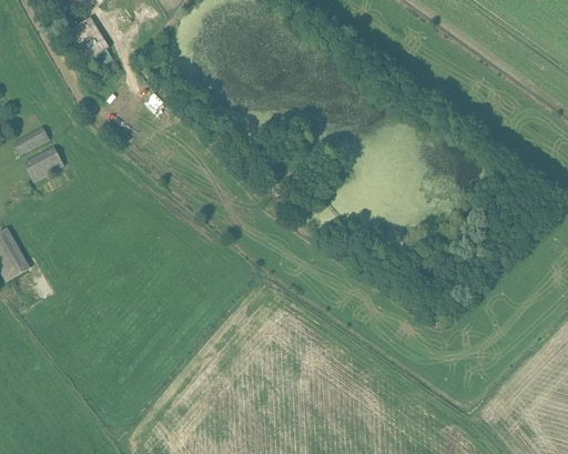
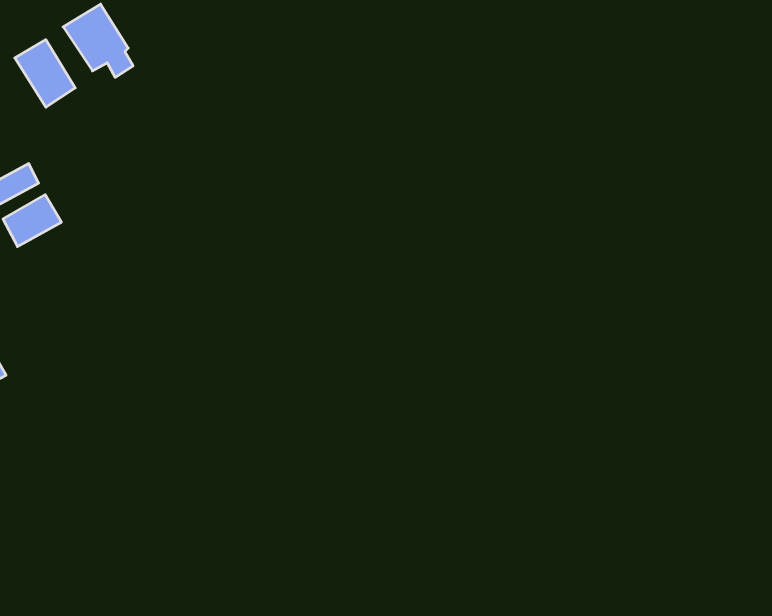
building: none -> [15,40,75,107]

